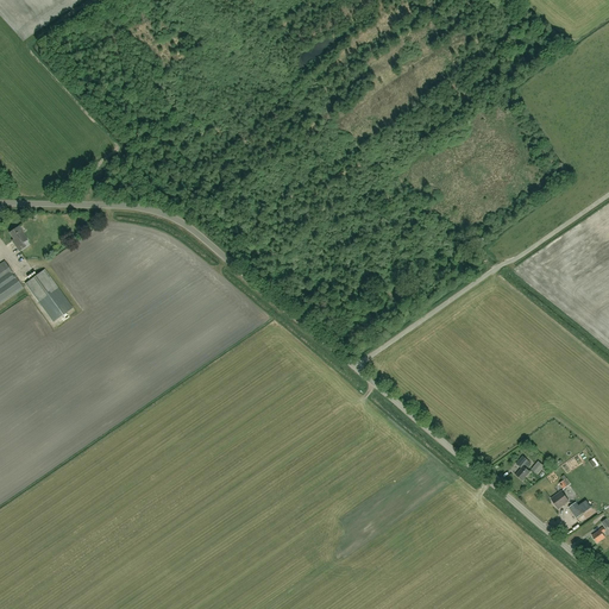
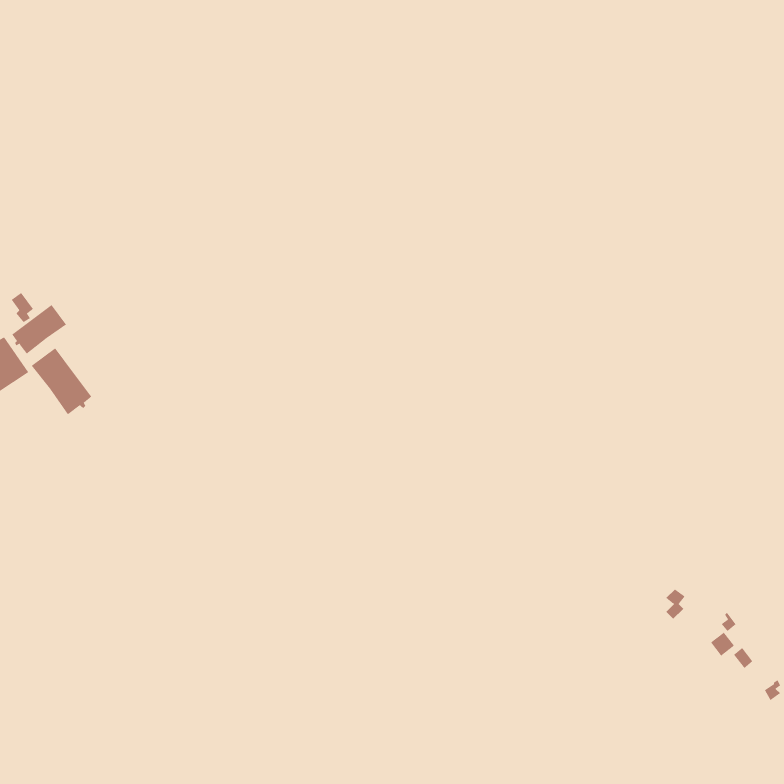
building: none -> [12,304,67,355]

